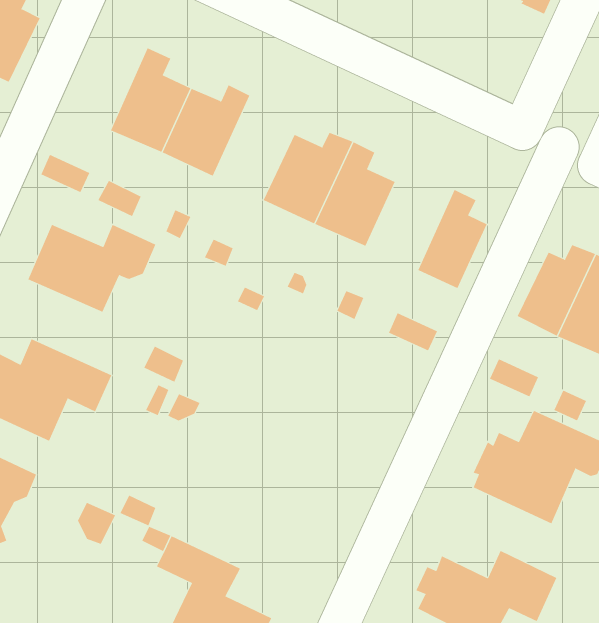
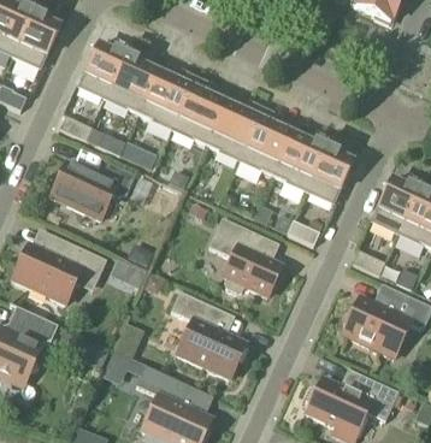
building: none -> [78,39,129,99]
building: none -> [172,76,225,144]
building: none -> [272,130,330,190]
building: none -> [208,217,281,295]
building: none -> [170,290,246,377]

